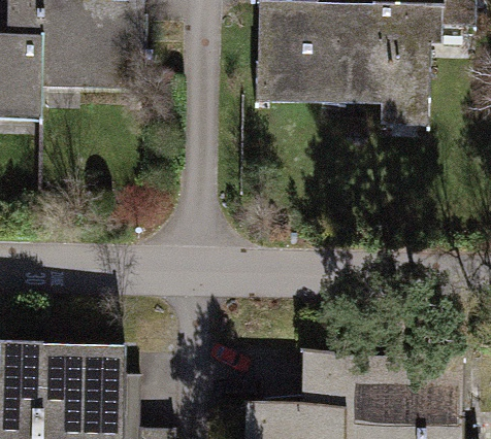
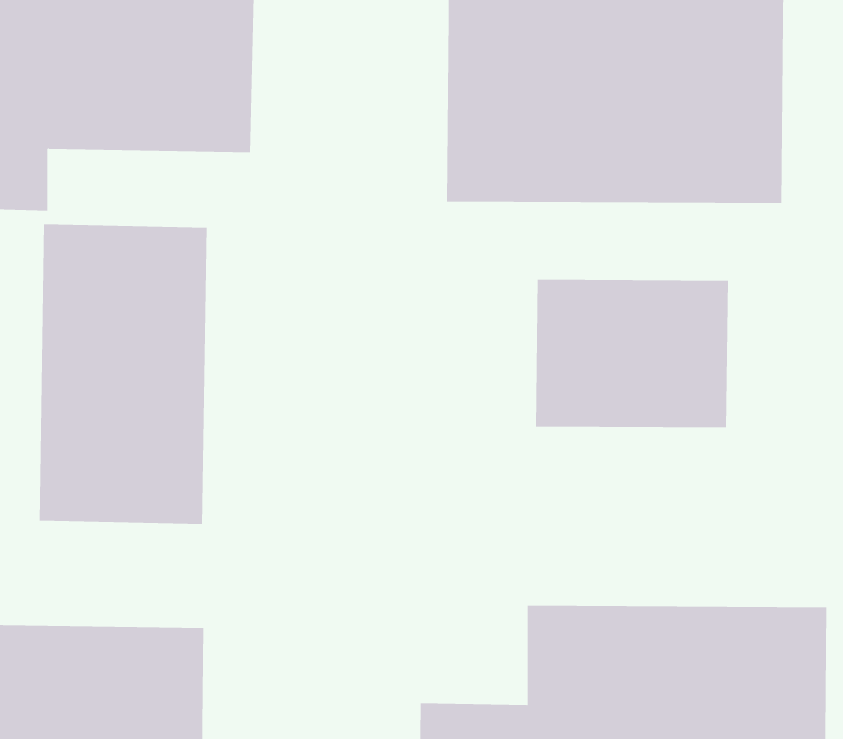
building: none -> [39,223,207,525]
building: none -> [536,279,728,428]

